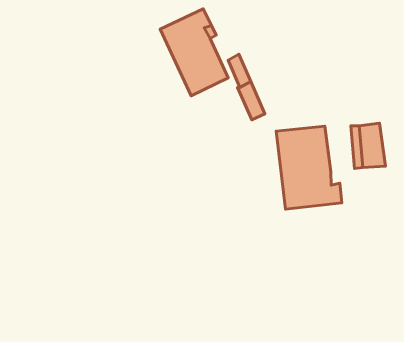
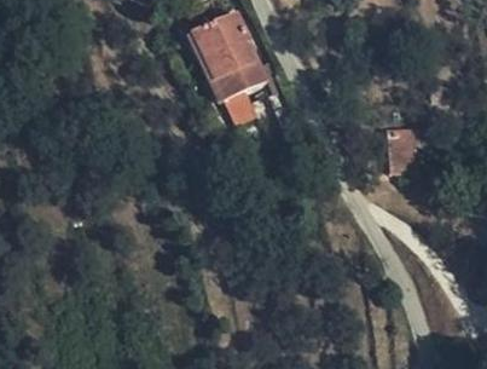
building: [276,126,342,209] -> none

